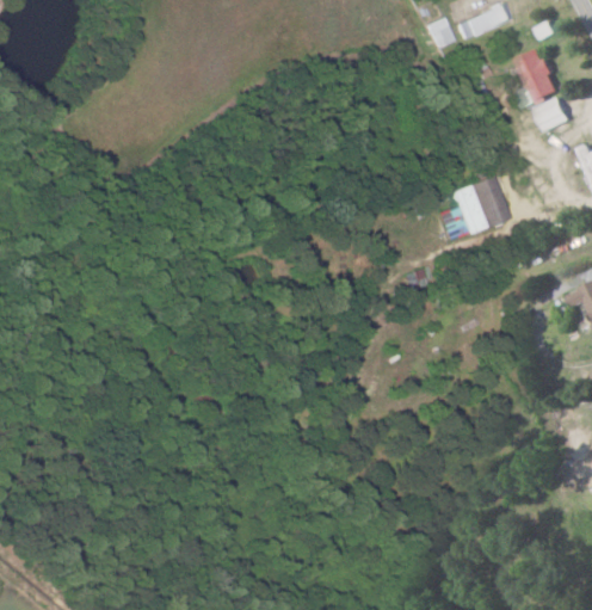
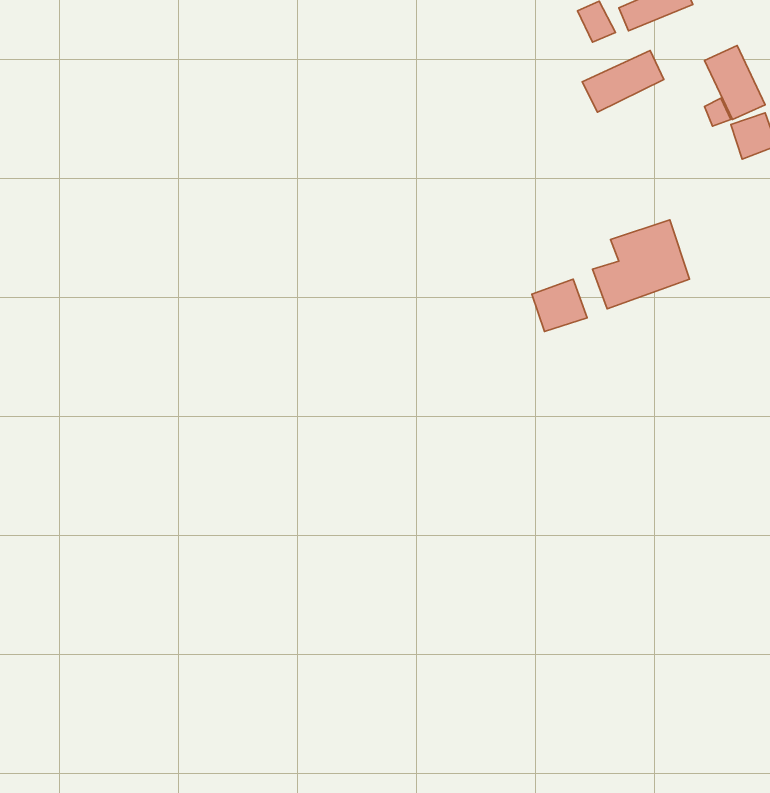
building: none -> [582,50,664,112]
building: none -> [532,279,587,331]

